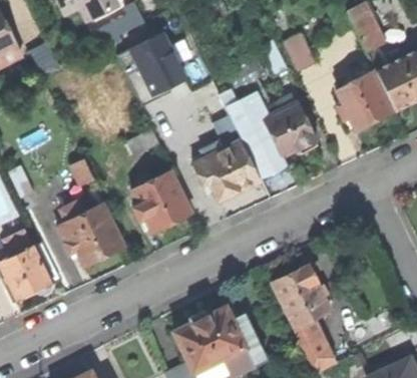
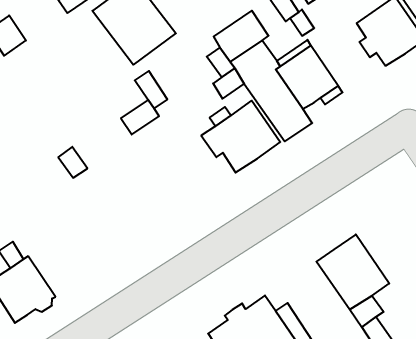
building: [132,170,190,231] -> none
building: [57,204,123,266] -> none

